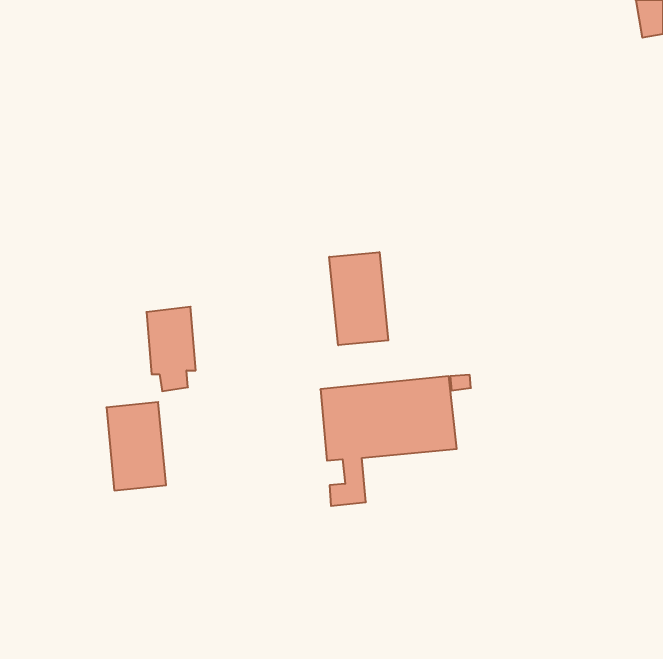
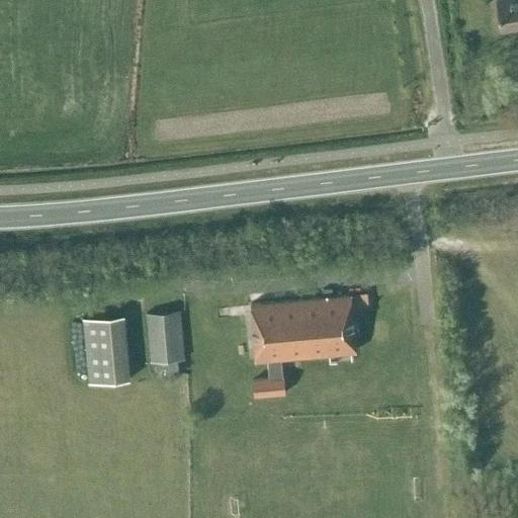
building: [329,252,388,345] -> none
building: [146,307,196,391] -> [146,312,184,377]

